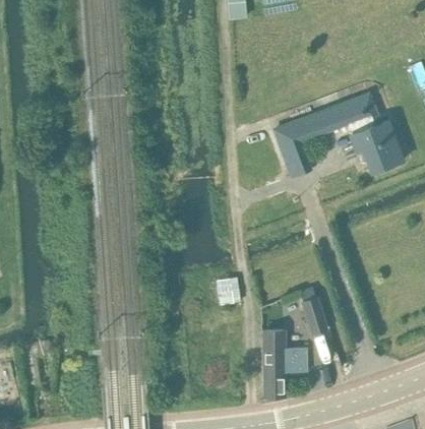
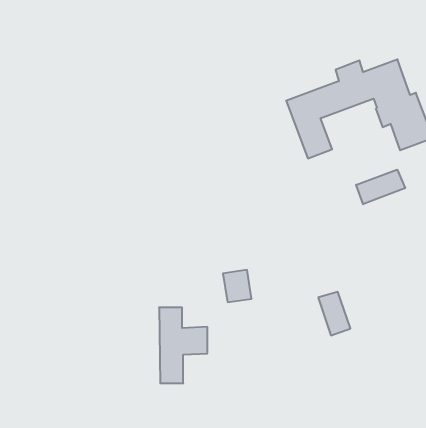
building: none -> [356,170,405,204]
building: [264,330,307,397] -> [159,307,207,383]

